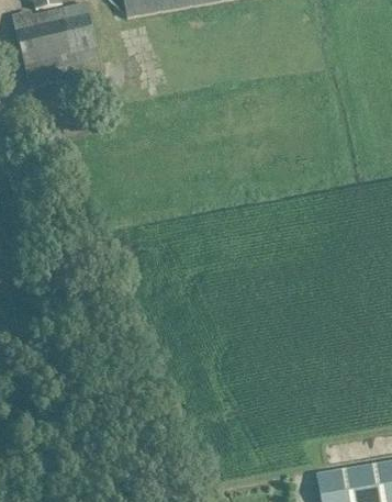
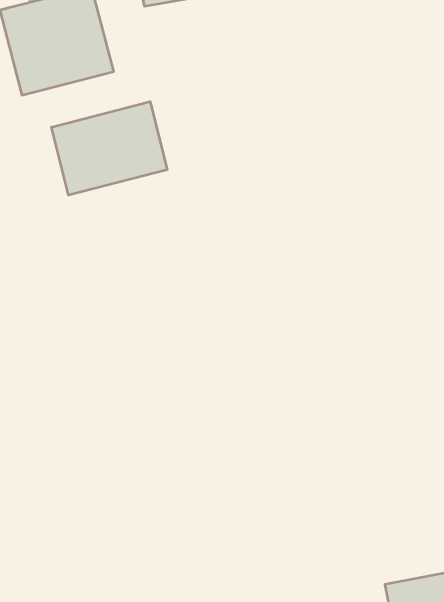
building: none -> [51,102,167,195]

